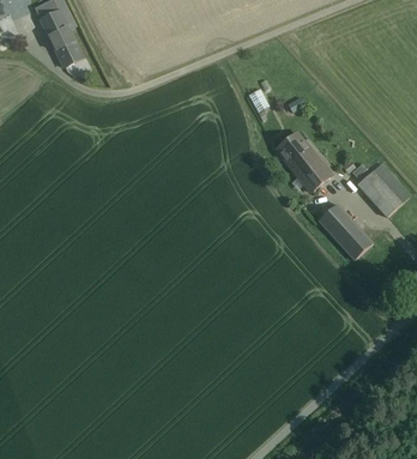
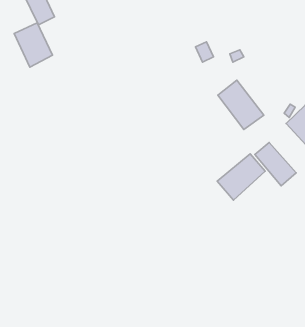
building: none -> [14,23,53,67]
building: none -> [217,154,265,200]

